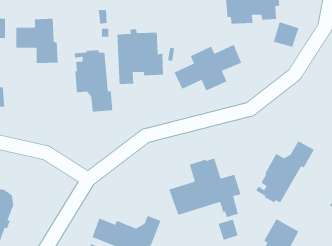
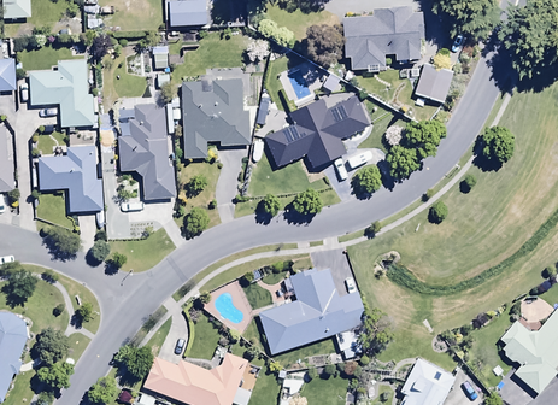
building: none -> [39,145,102,212]
building: [255,140,315,204] -> none
building: [218,218,239,241] -> none

